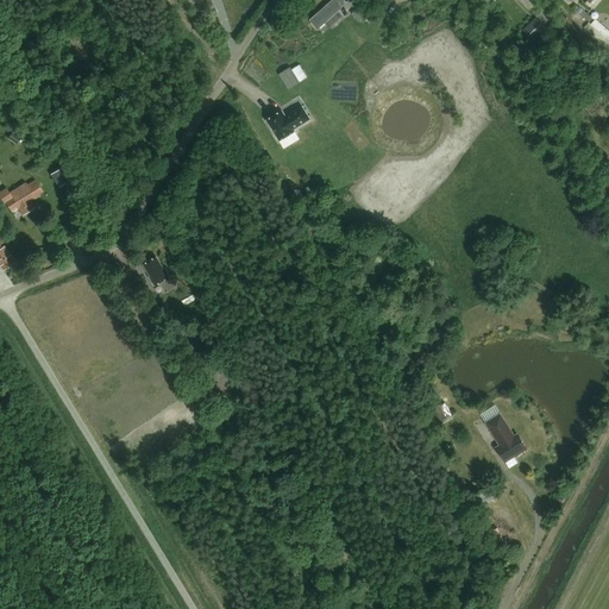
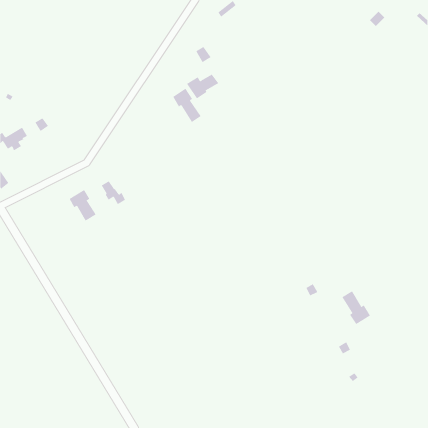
building: none -> [172,88,201,123]
building: none -> [69,189,96,221]

